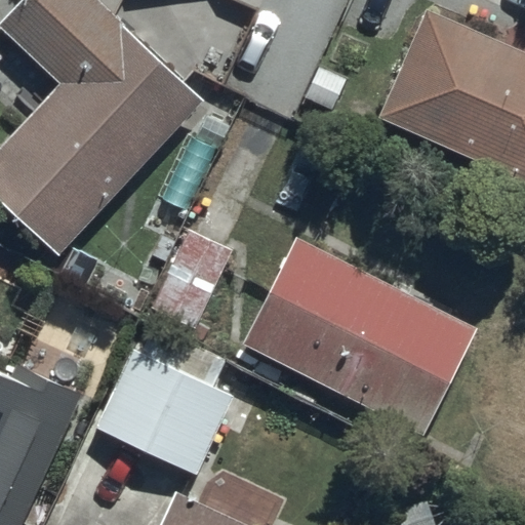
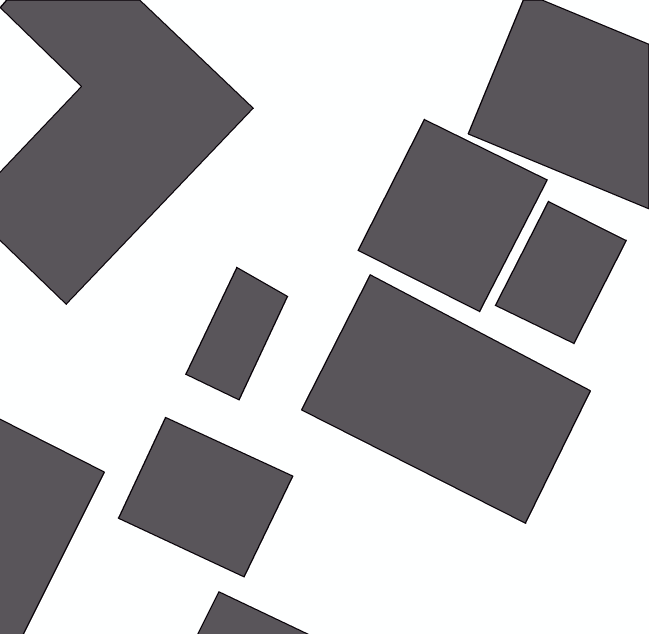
building: none -> [358,119,547,312]
building: none -> [495,201,626,344]

